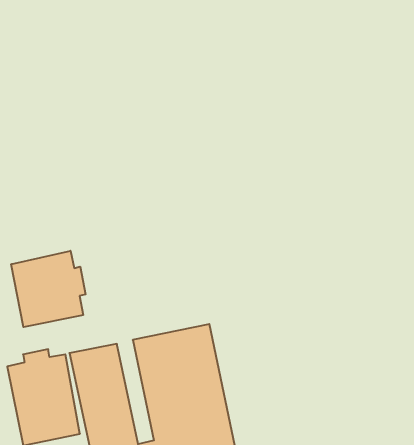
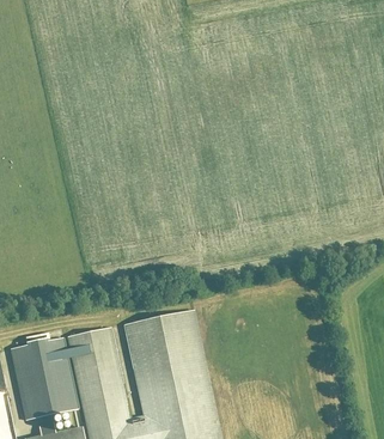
building: [11,251,86,327] -> none

